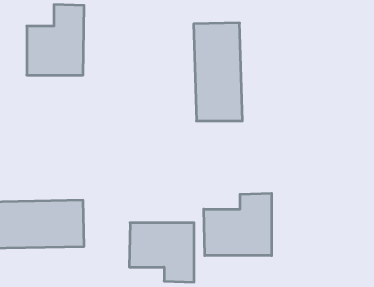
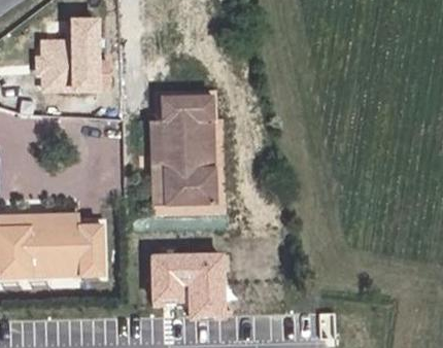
building: [194,23,242,121] -> [161,99,214,206]
building: [204,193,272,256] -> none

